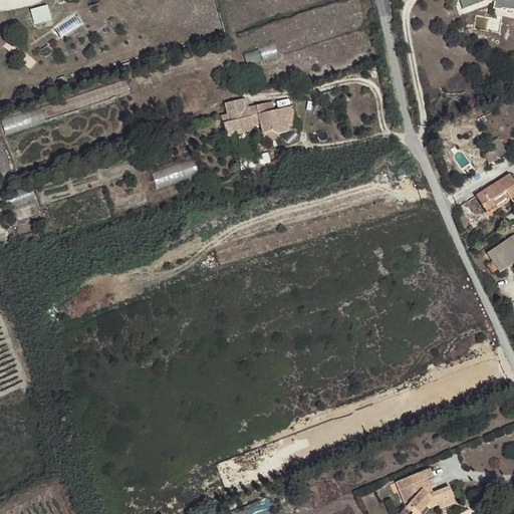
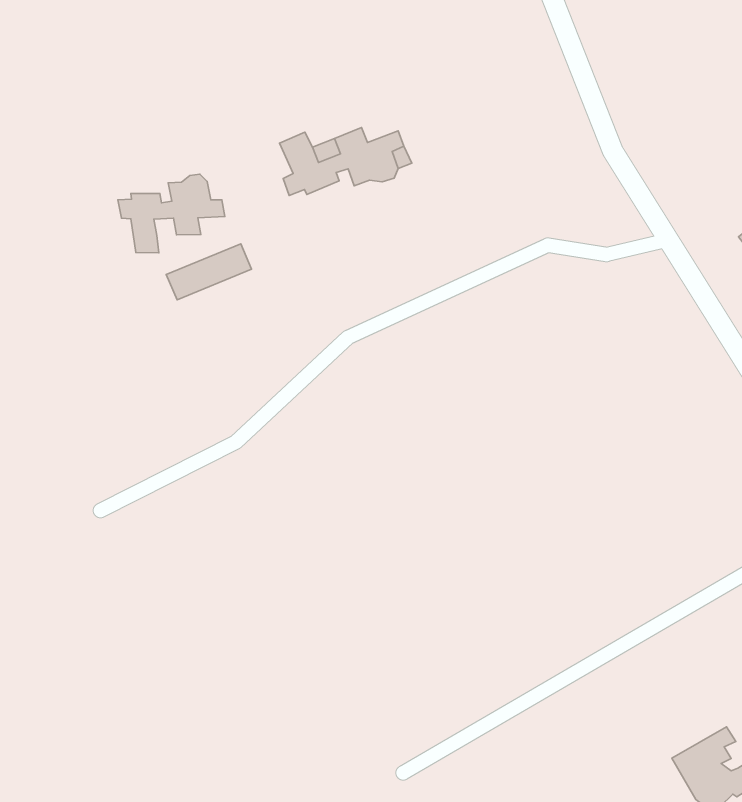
building: none -> [118,174,225,253]

